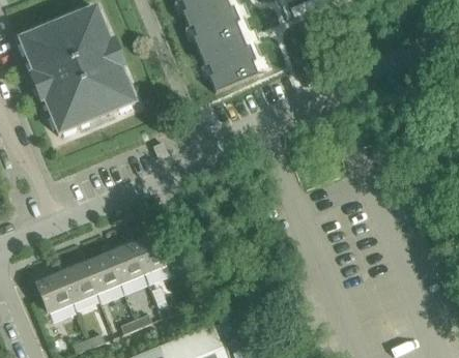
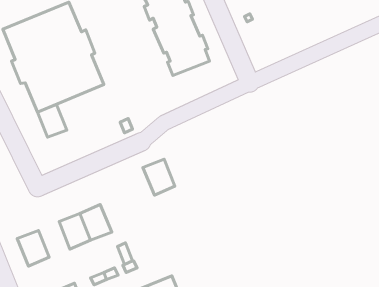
building: none -> [38,105,67,137]
building: [133,232,170,273] -> [143,159,175,195]
building: [61,261,97,302] -> none

